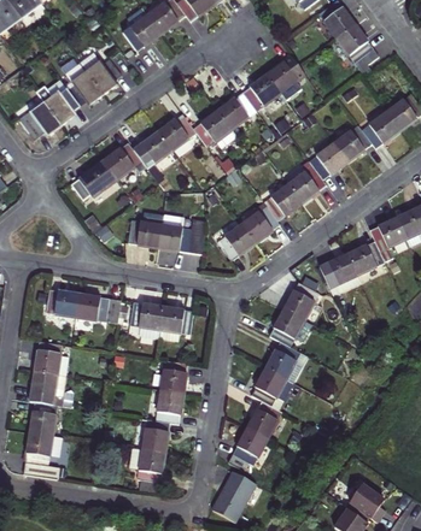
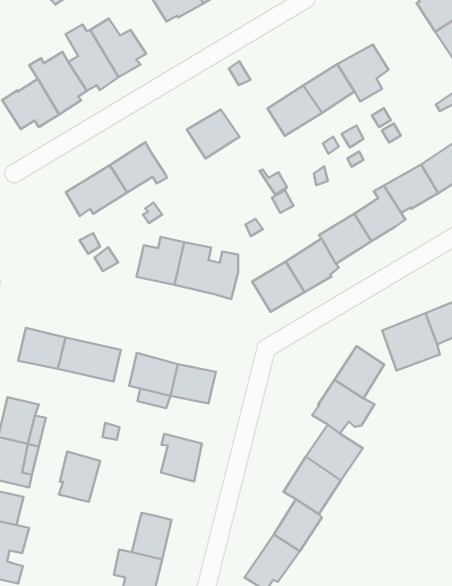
building: [192,110,230,147] -> none
building: [131,130,173,165] -> none
building: [154,388,183,424] -> [59,452,100,502]

